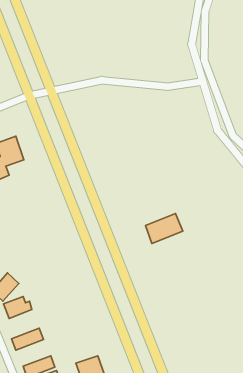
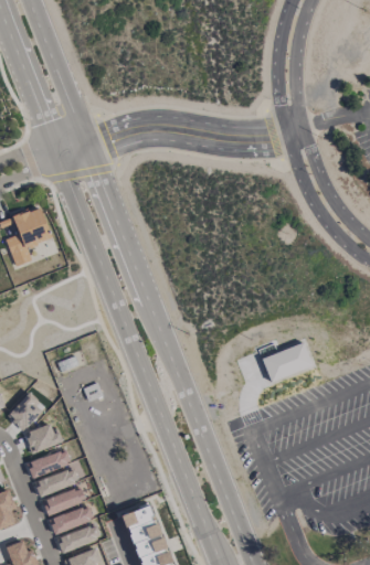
building: [145,213,183,243] -> [262,341,313,382]
building: none -> [28,448,72,478]
building: none -> [43,486,86,515]

